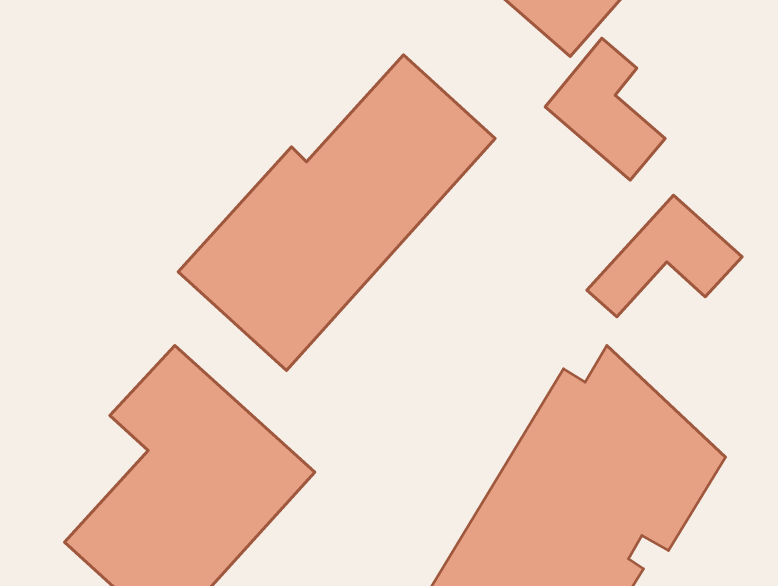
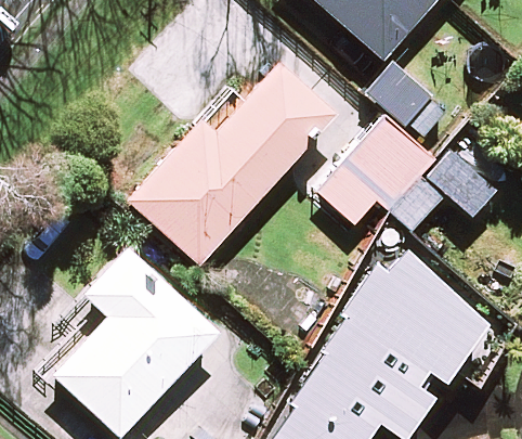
building: none -> [318,115,440,224]

